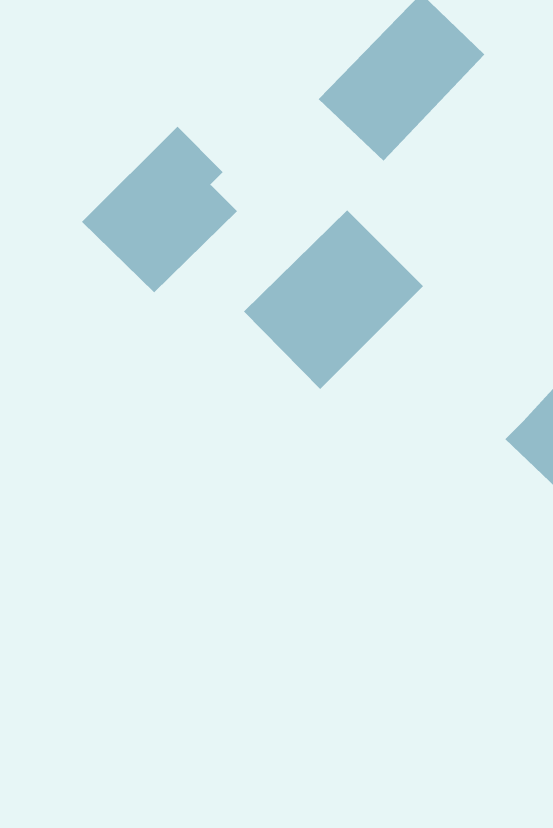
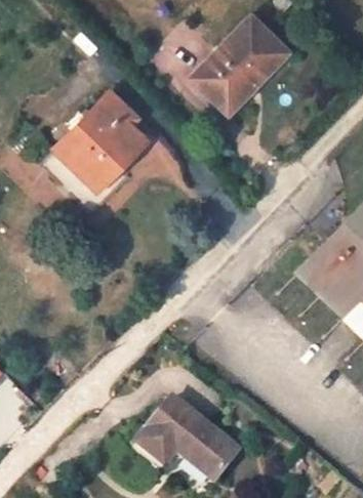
building: [243,210,424,390] -> none
building: none -> [140,398,242,481]

